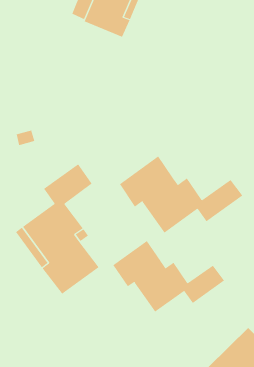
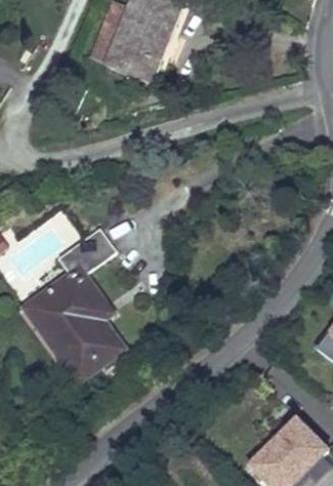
building: [119,155,243,233] -> none
building: [113,240,225,312] -> none

